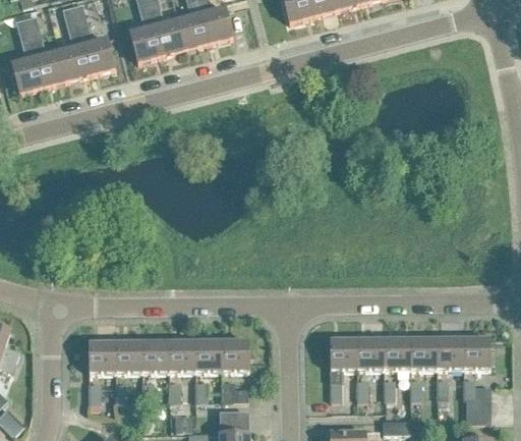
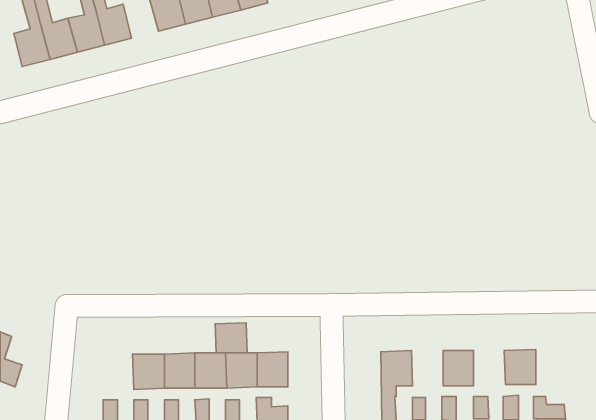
building: none -> [215,323,247,353]
building: [464,337,490,368] -> none
building: [356,338,384,369] -> none
building: [410,338,438,369] -> none
building: [89,341,116,372] -> none

